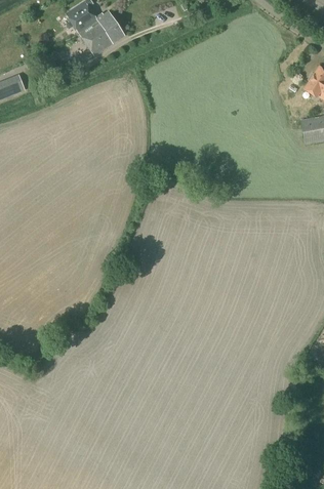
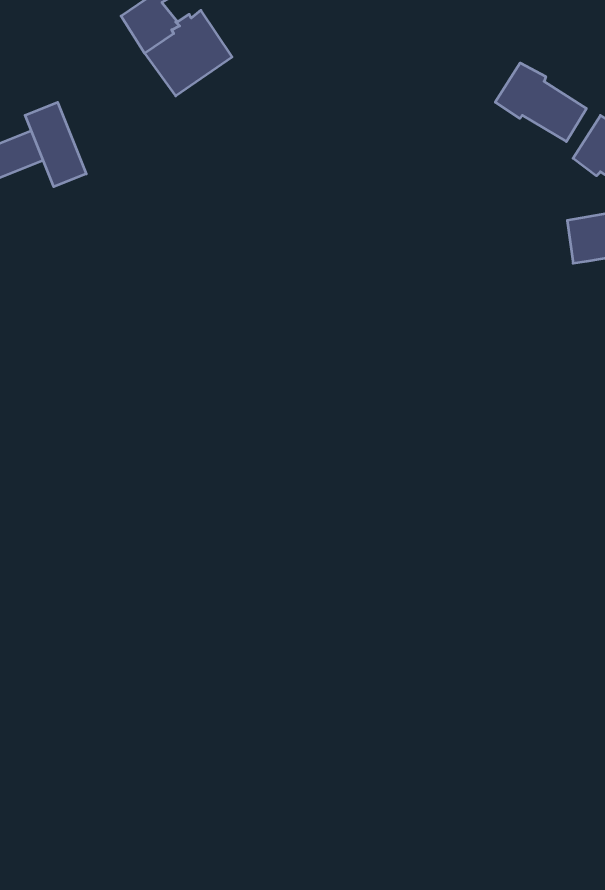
building: none -> [495,63,586,142]
building: none -> [25,102,86,187]

